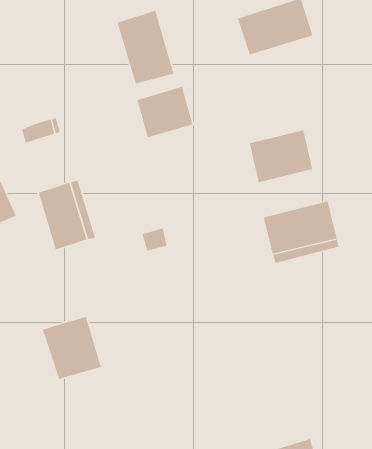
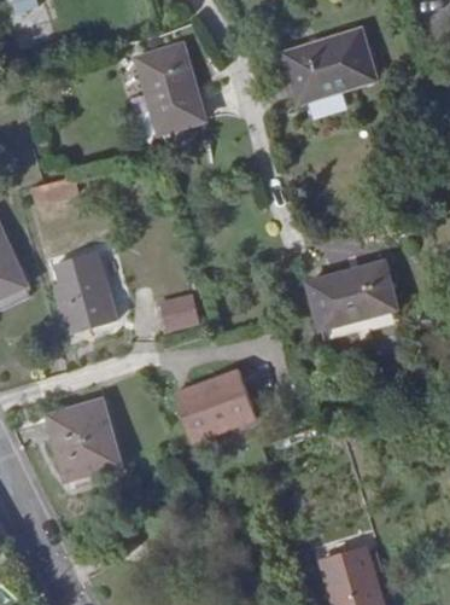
building: [136,86,193,138] -> none
building: [249,130,313,183] -> none
building: none -> [165,370,247,441]

